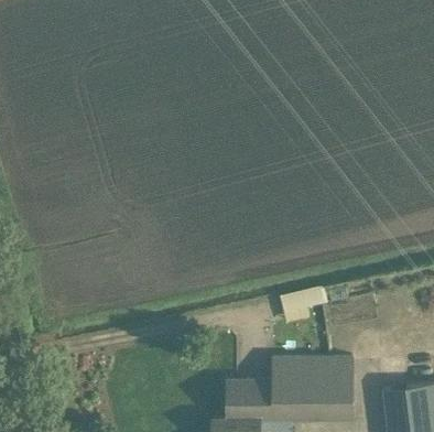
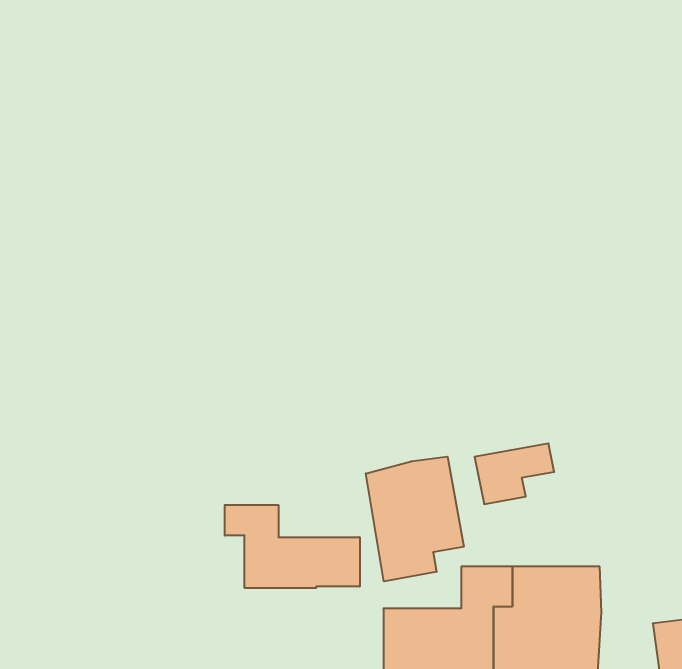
building: none -> [366,457,464,581]
building: none -> [225,505,360,588]

